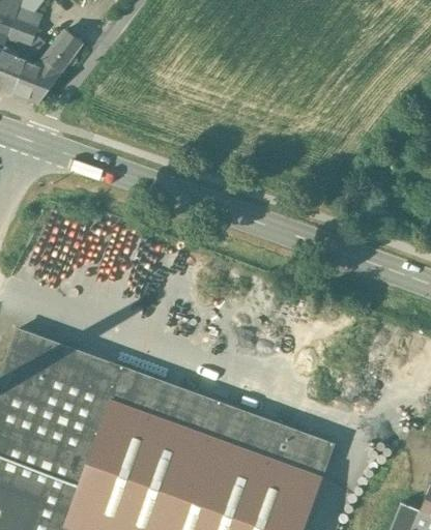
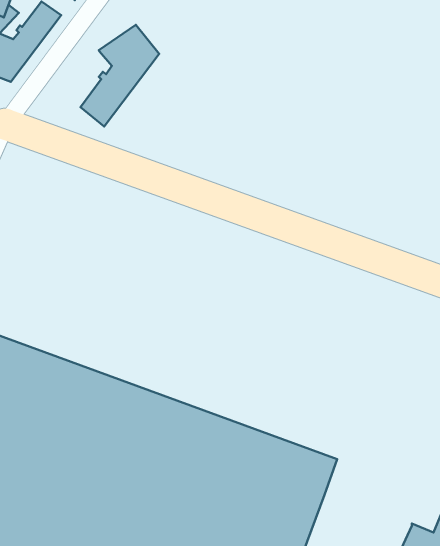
building: none -> [80,25,159,126]

